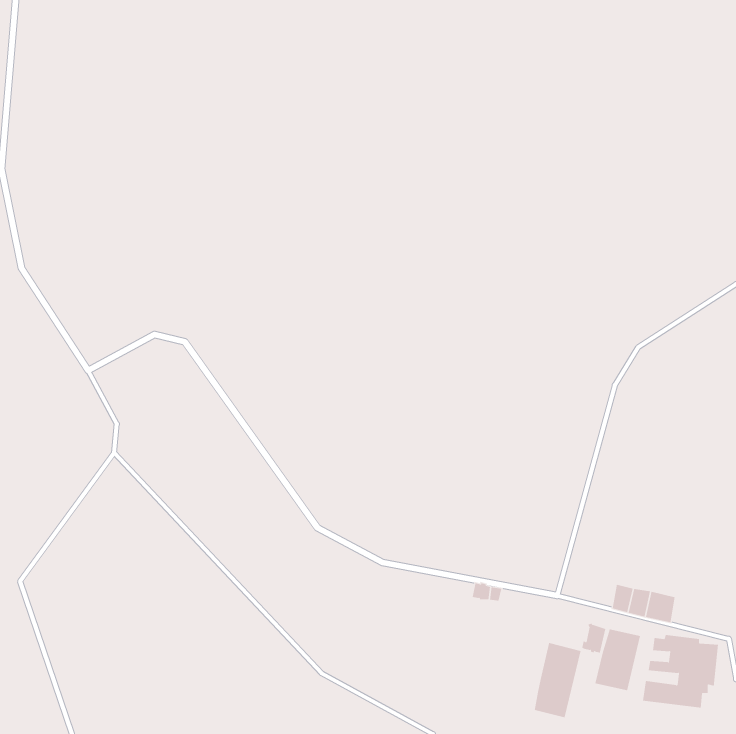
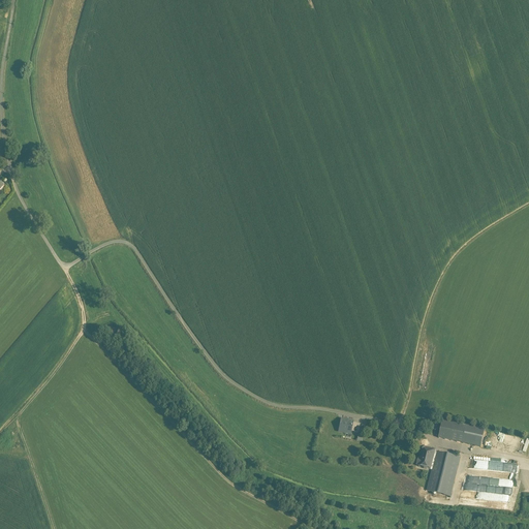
building: [534,642,581,718] -> none

